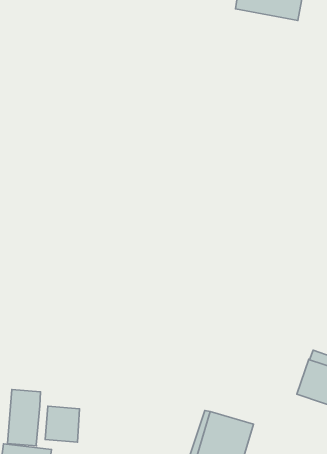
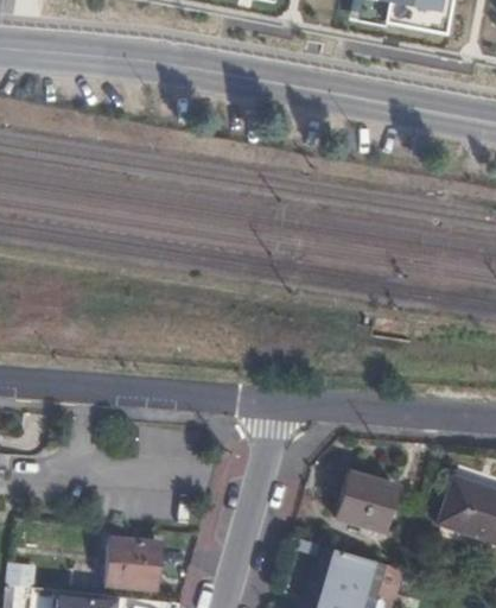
building: none -> [337,473,398,532]
building: [7,390,40,446] -> none

